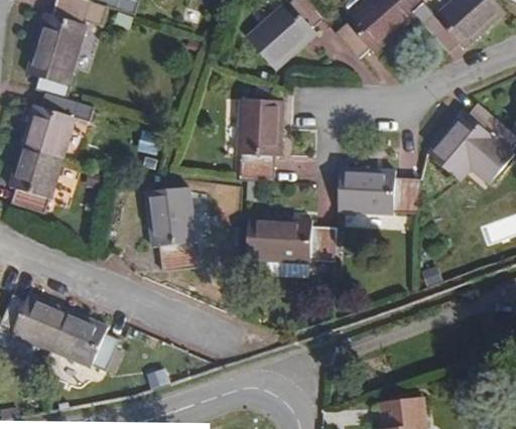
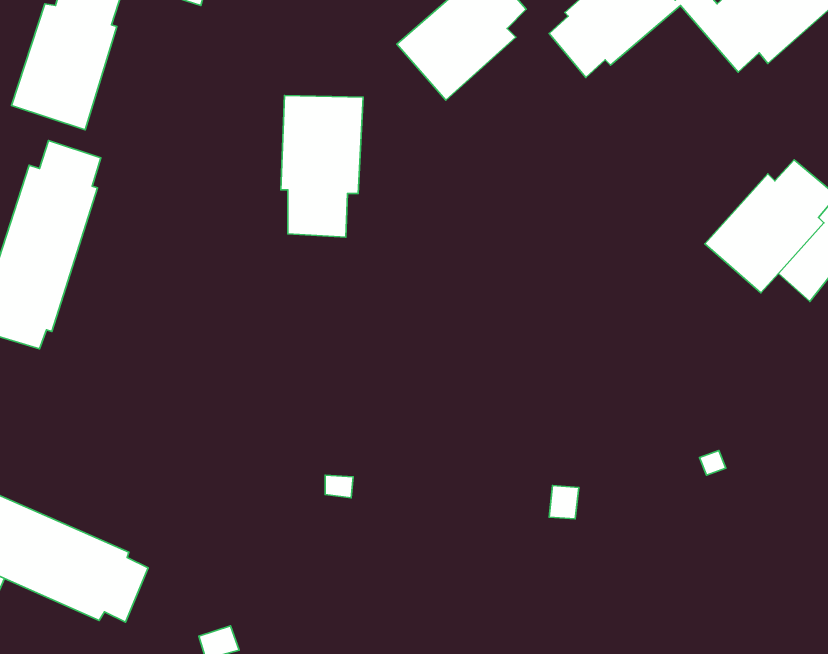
building: [235,100,282,181] -> [281,95,363,237]
building: [340,169,418,213] -> none
building: [150,187,195,269] -> none
building: [250,216,339,277] -> none

